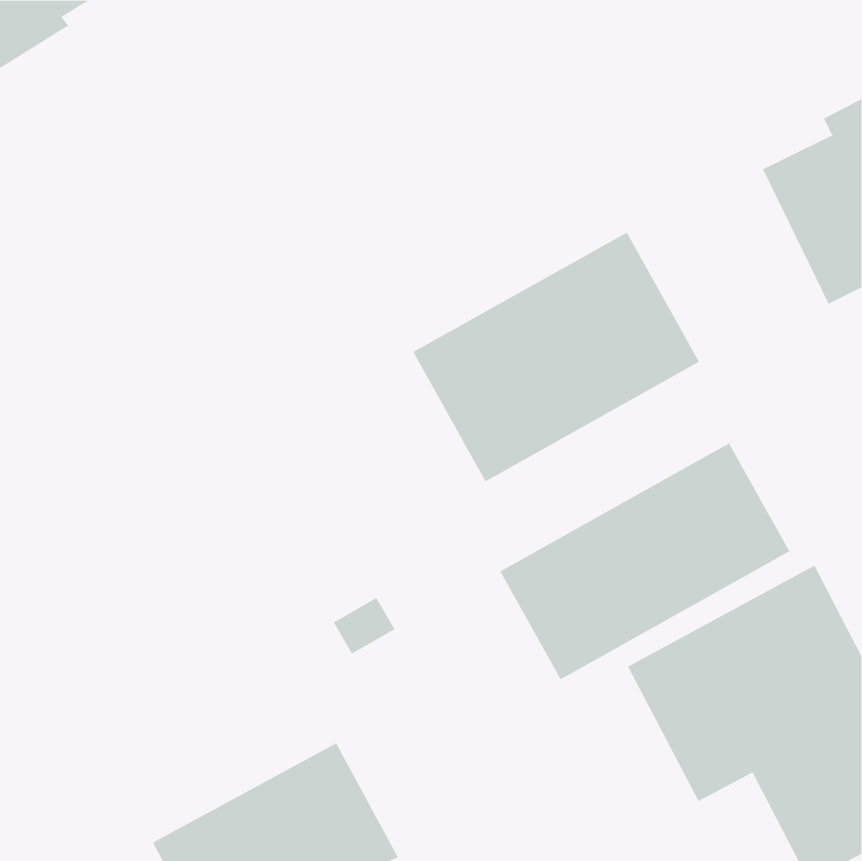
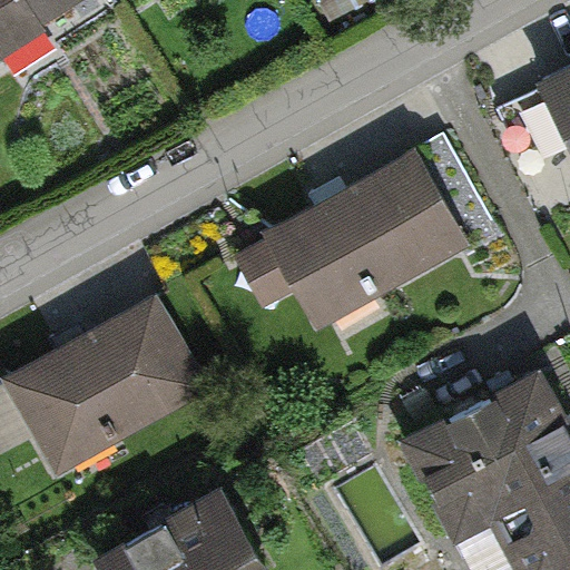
building: [500,443,790,680] -> none
building: none -> [11,301,202,465]

